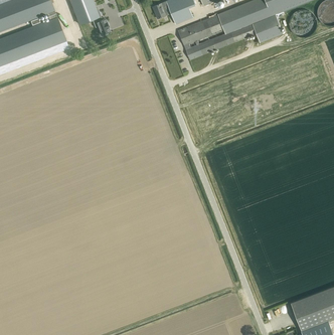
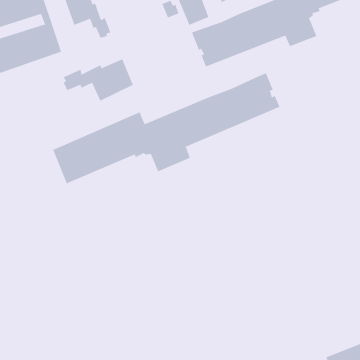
building: none -> [63,58,134,101]
building: none -> [52,72,280,184]

